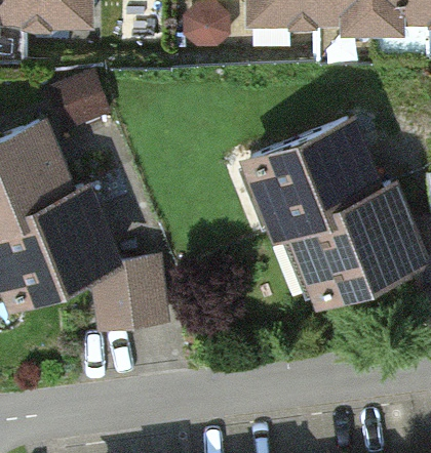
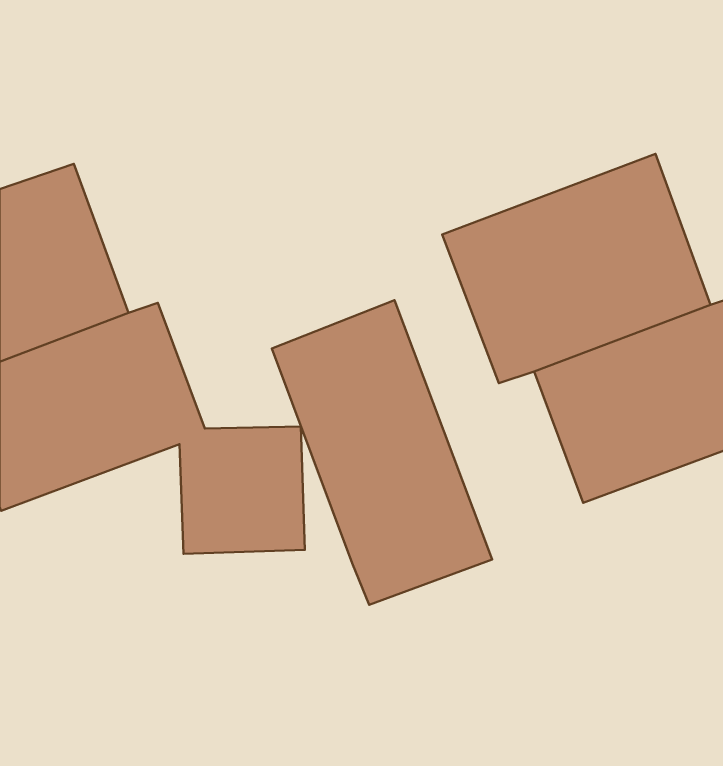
building: none -> [272,300,492,605]

